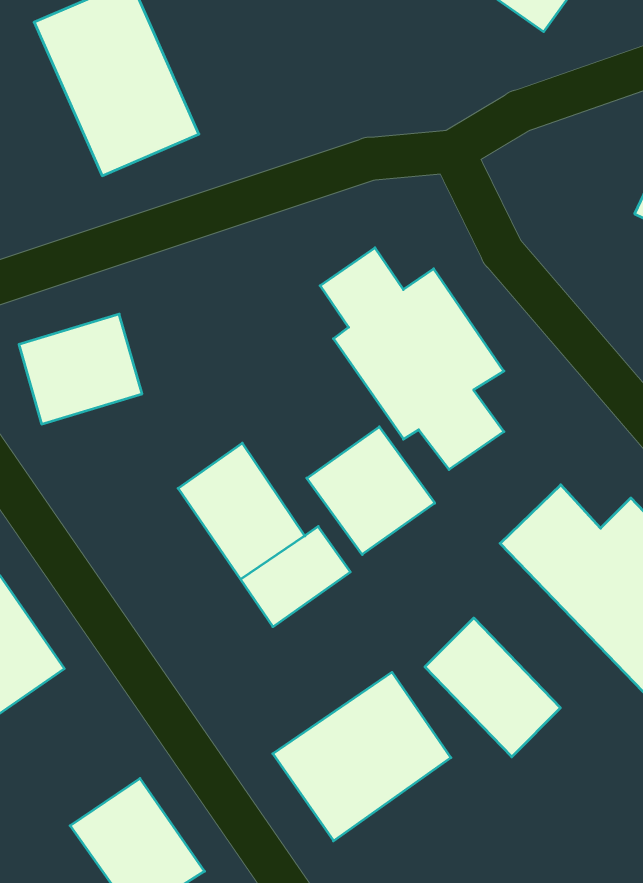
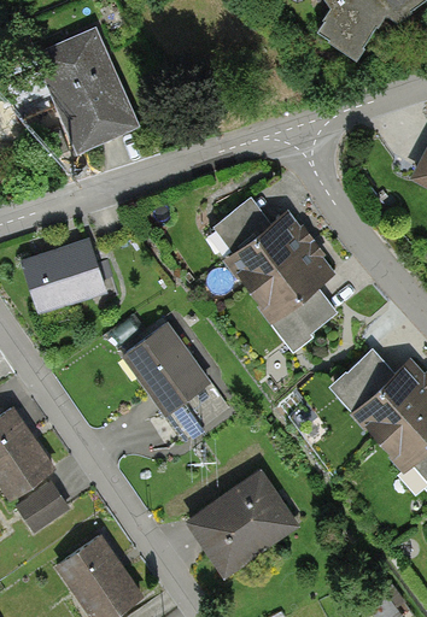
building: [307,427,435,555] -> none
building: [425,618,560,757] -> none
building: none -> [17,480,66,527]

